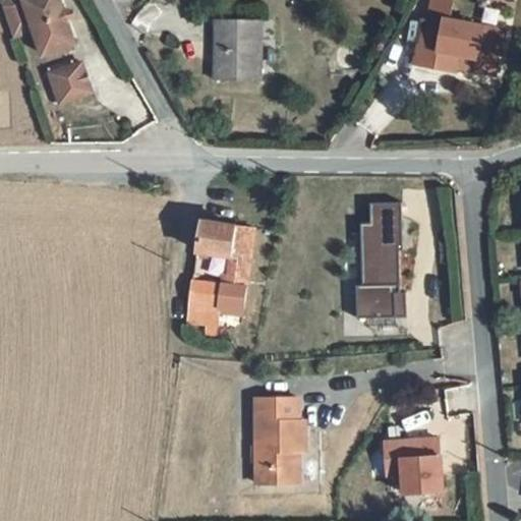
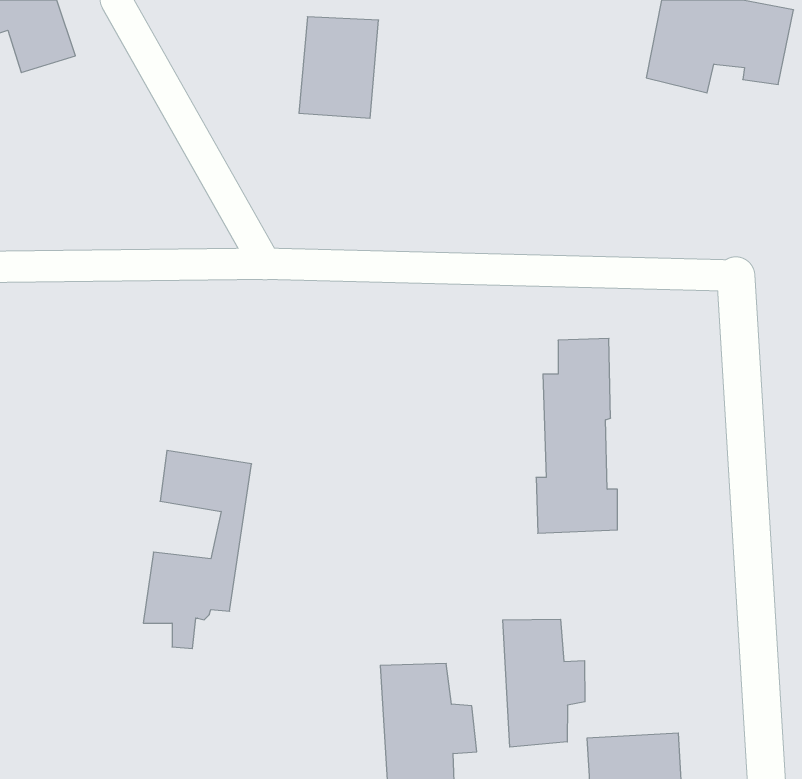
building: [49,60,89,98] -> none
building: [185,215,250,334] -> [143,450,252,649]
building: none -> [503,619,585,747]

